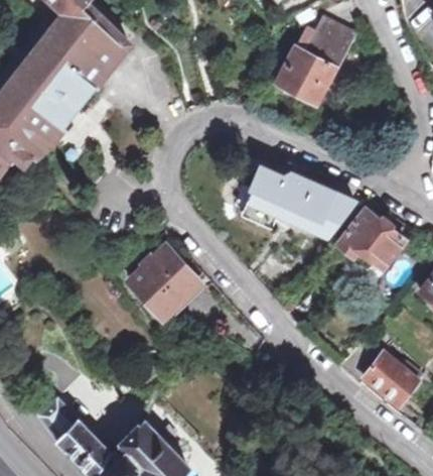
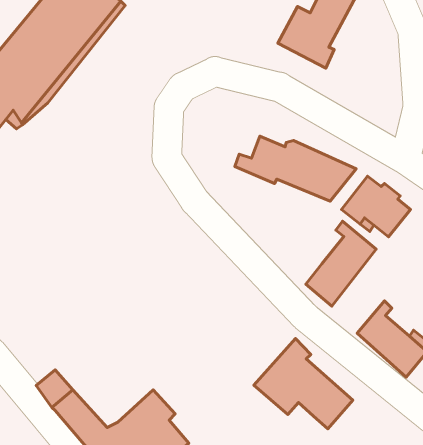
building: [131,248,201,318] -> none
building: none -> [306,221,376,306]
building: none -> [254,339,353,429]

